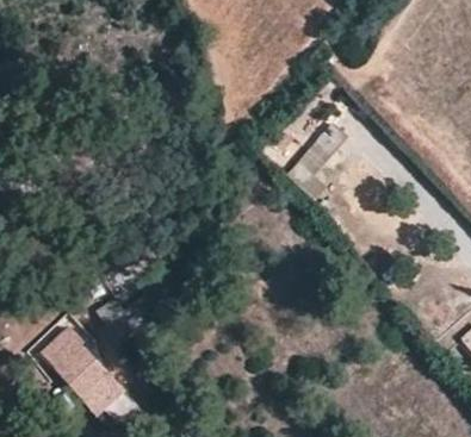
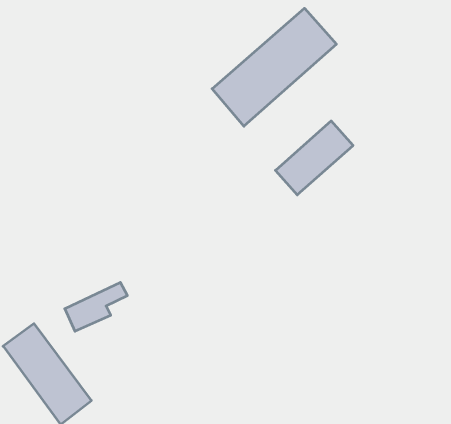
building: none -> [212,8,336,126]

